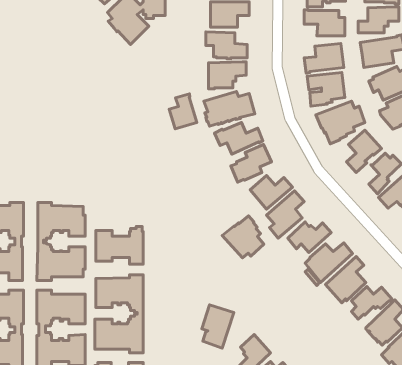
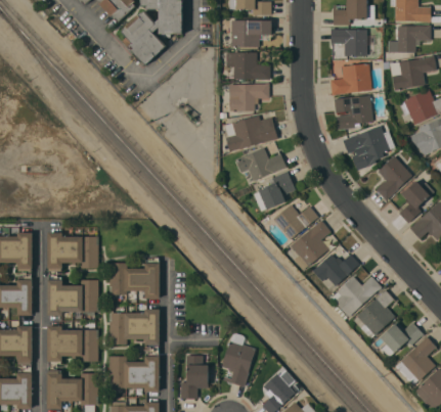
building: [169,94,197,129] -> none
building: [222,216,264,258] -> none
building: none -> [180,355,209,398]

